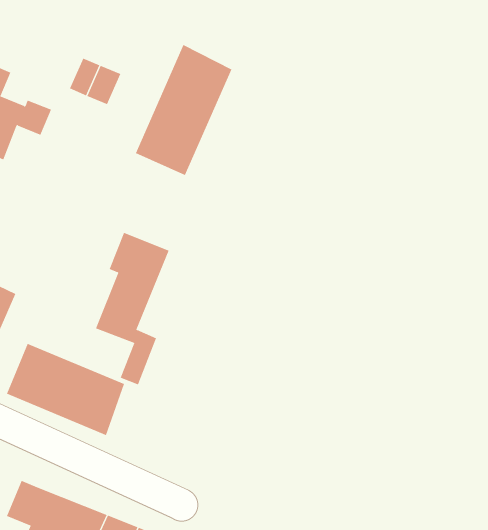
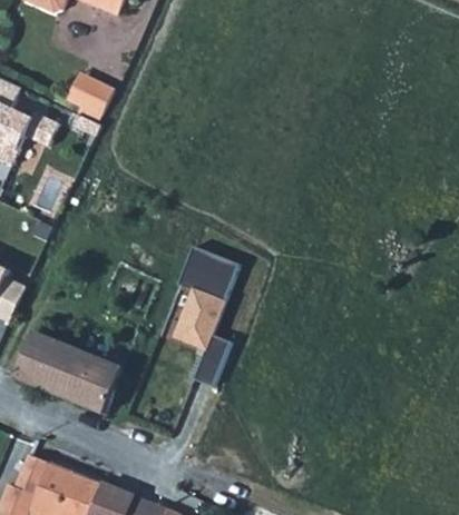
building: [135,44,232,176] -> none
building: [95,232,169,385] -> [169,250,236,388]

